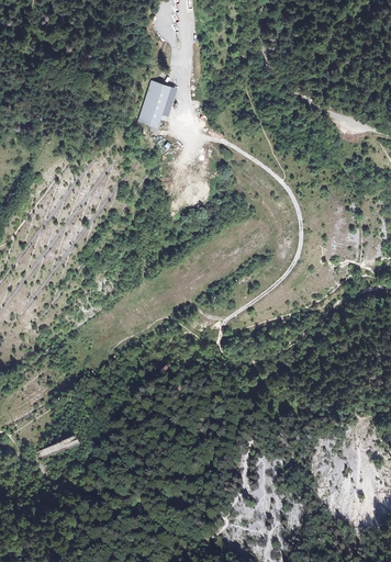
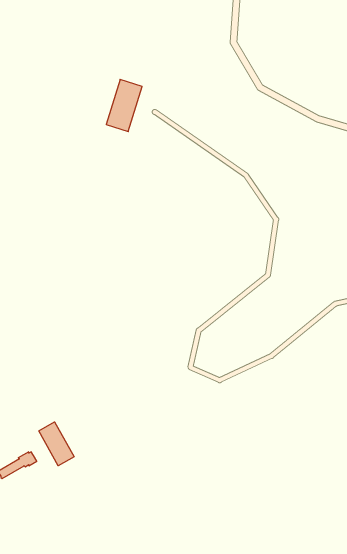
building: none -> [39,422,74,466]

